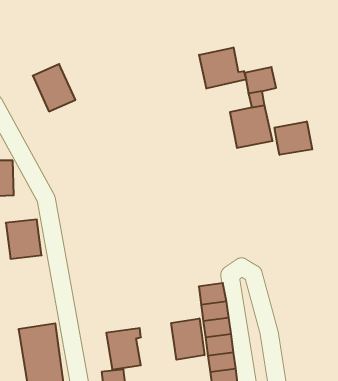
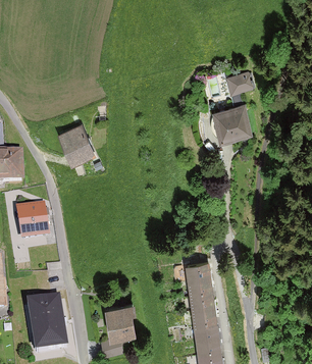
building: [199,47,246,89] -> none
building: [33,64,75,111] -> [57,121,95,163]
building: [275,121,312,155] -> none
building: [171,318,204,360] -> none

